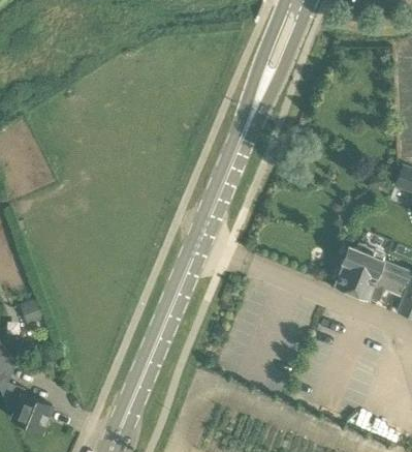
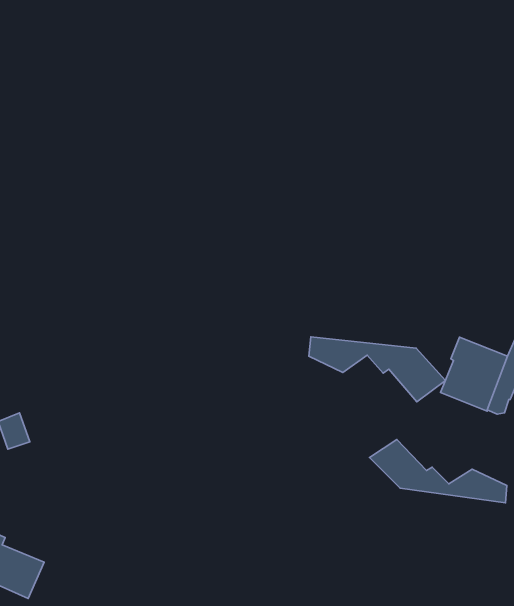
building: none -> [309,337,445,402]
building: none -> [369,440,507,503]

